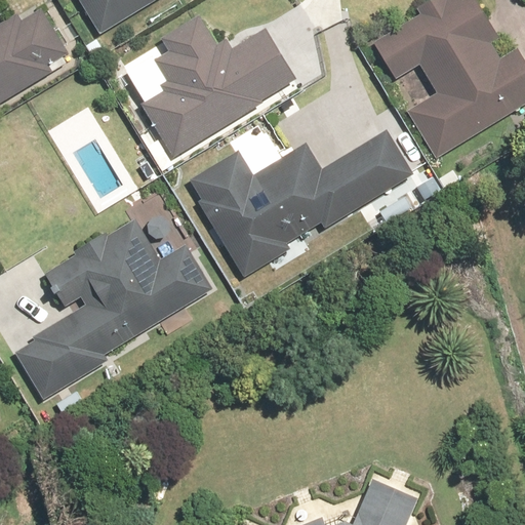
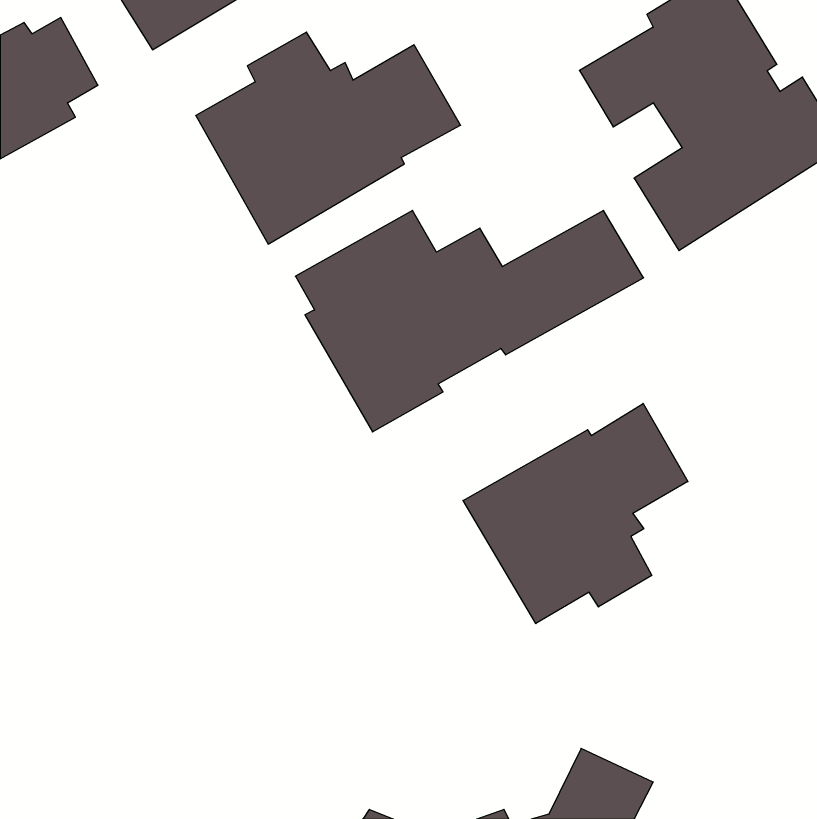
building: [15,219,211,397] -> none
building: none -> [463,403,688,624]

